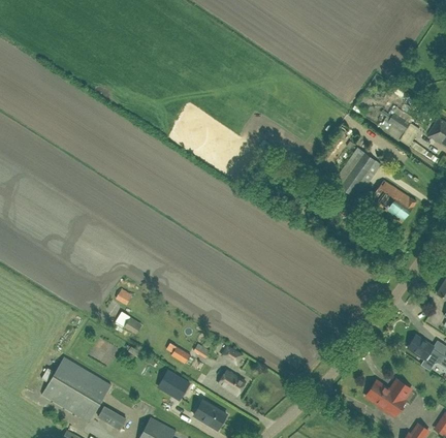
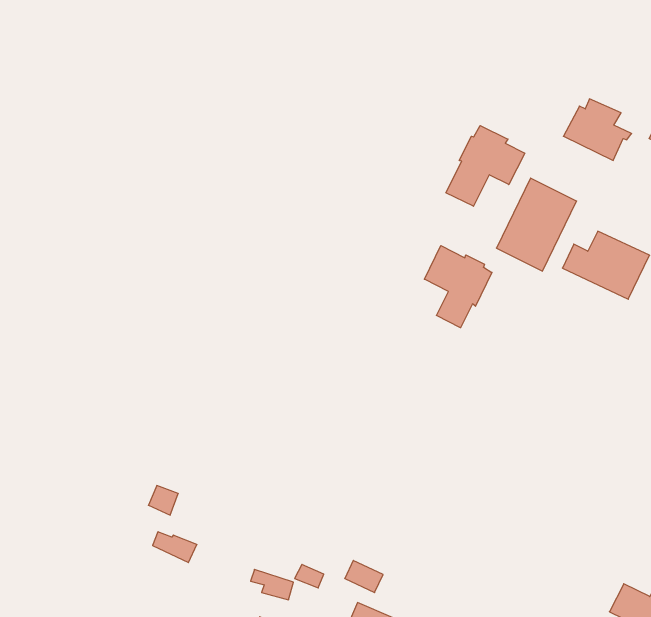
building: none -> [446,126,525,206]
building: none -> [424,246,492,328]

